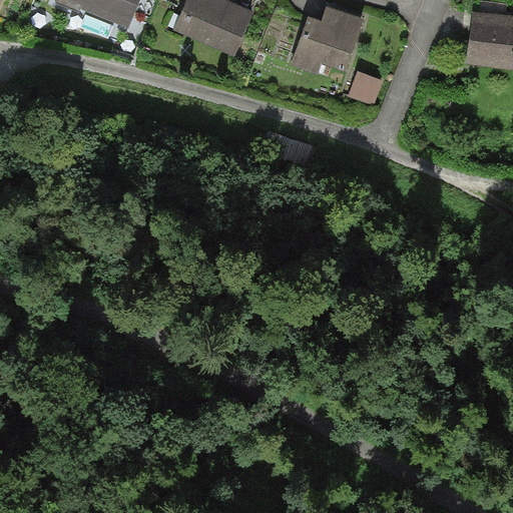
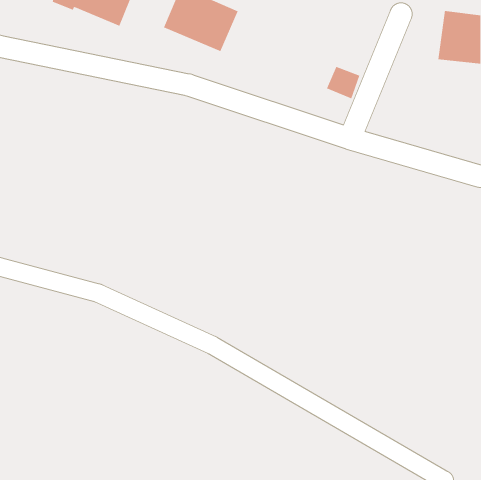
building: [291,7,364,73] -> none

